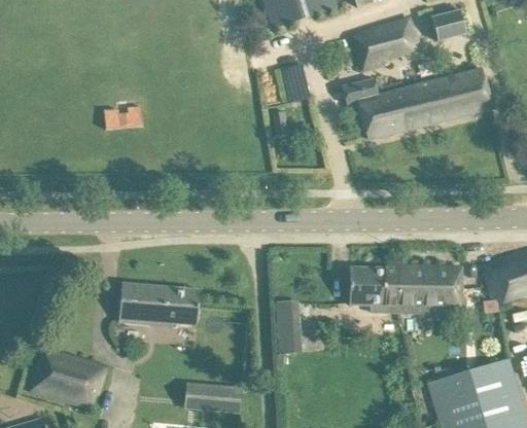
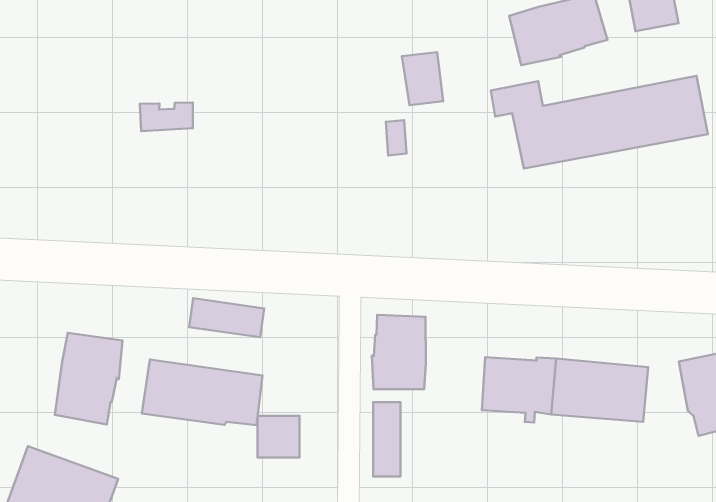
building: none -> [189,298,264,337]
building: none -> [372,315,426,389]
building: none -> [55,333,123,425]
building: none -> [258,416,299,458]

